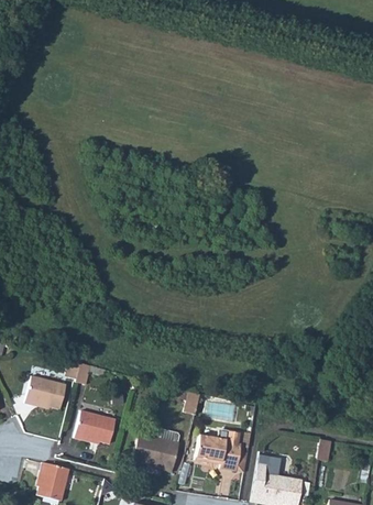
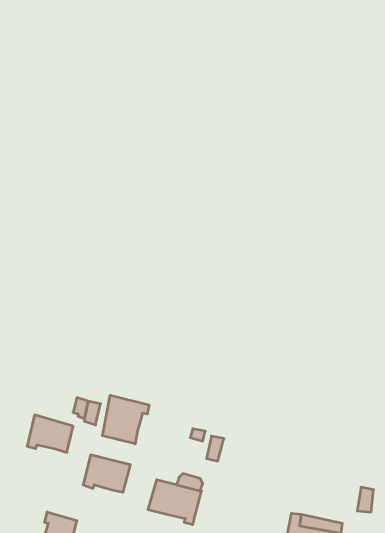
building: none -> [102,395,149,444]
building: [195,431,249,472] -> none

